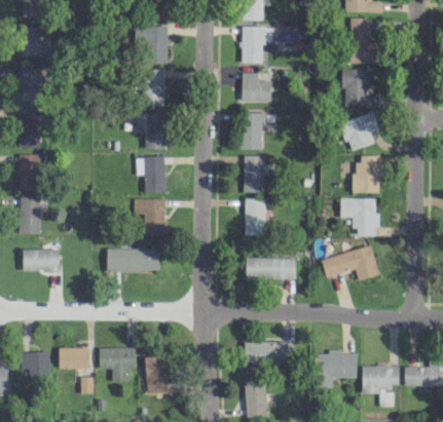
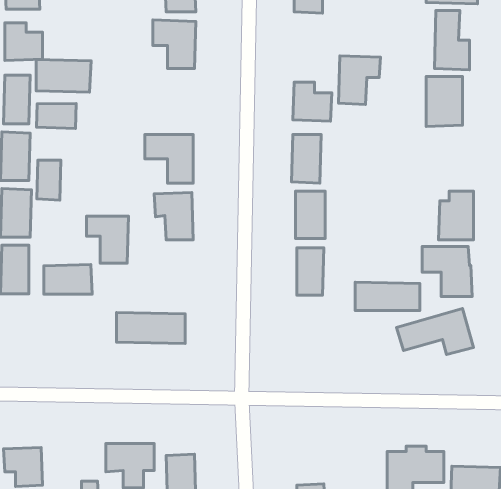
building: [243,27,274,64] -> [339,56,380,104]
building: none -> [36,59,91,92]
building: [143,70,165,106] -> none
building: none -> [37,104,76,128]
building: [341,112,380,152] -> none
building: none -> [37,160,61,200]
building: [135,199,167,235] -> [87,216,128,263]
building: [24,250,61,272] -> [44,265,92,294]
building: [247,258,296,279] -> [355,282,420,311]
building: [245,342,293,363] -> none
building: [60,347,89,369] -> none

